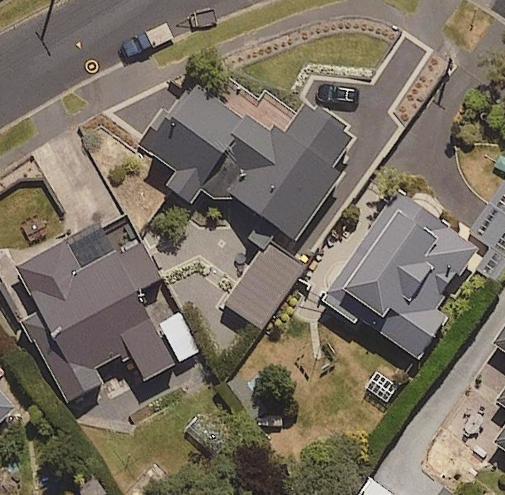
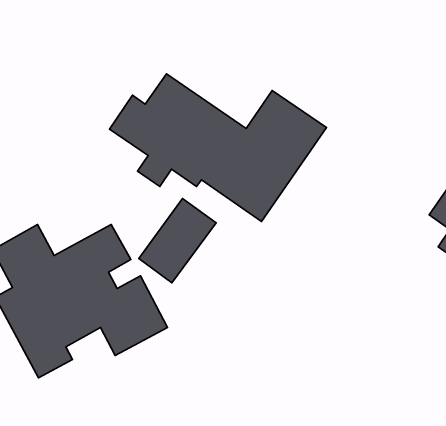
building: [320,193,477,357] -> none
building: [225,239,305,326] -> [139,198,216,283]

